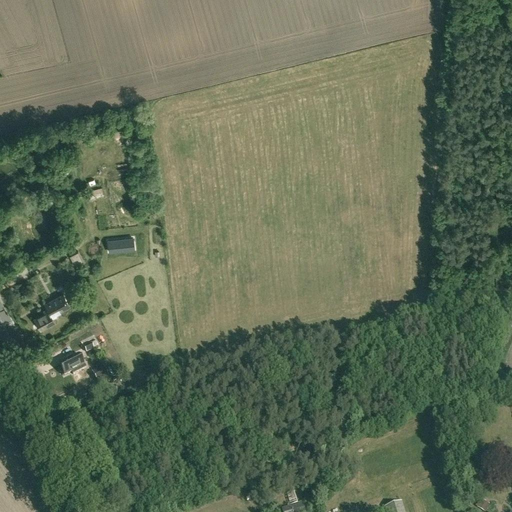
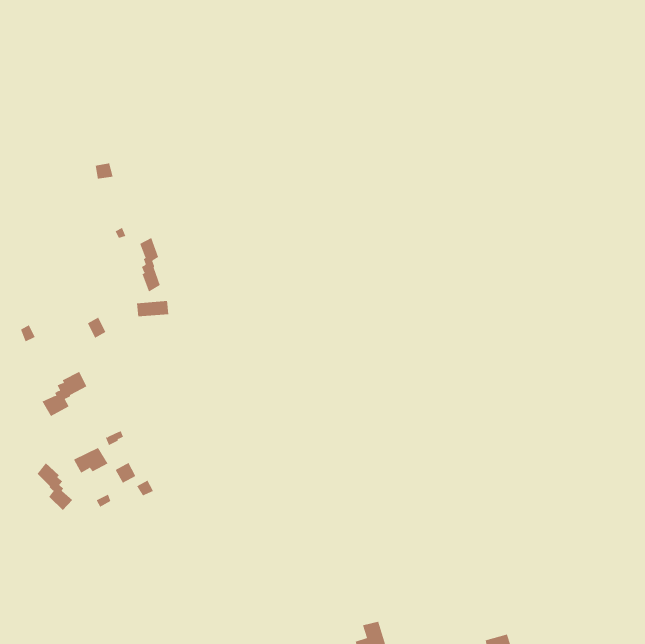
building: none -> [139,237,160,293]
building: none -> [37,462,73,511]

